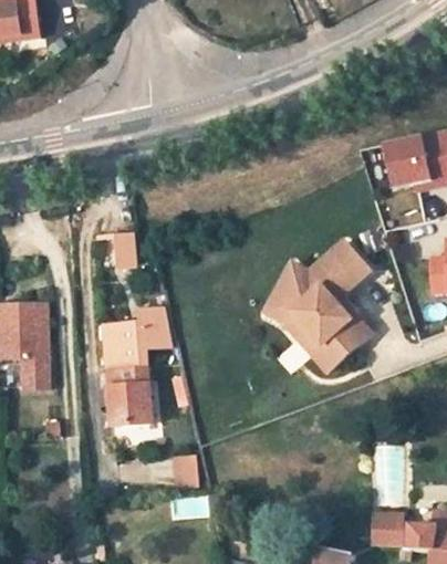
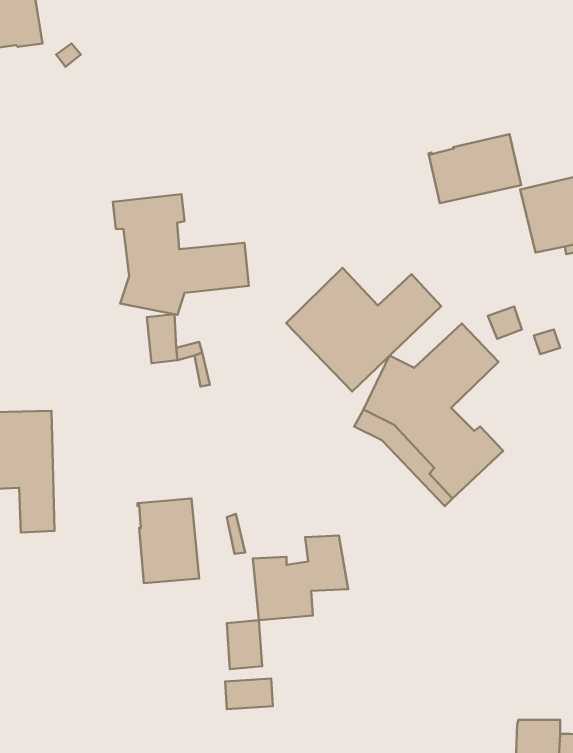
building: none -> [428,134,521,203]
building: none -> [113,194,249,315]
building: none -> [286,268,441,391]
building: [103,307,171,368] -> [253,535,348,620]

